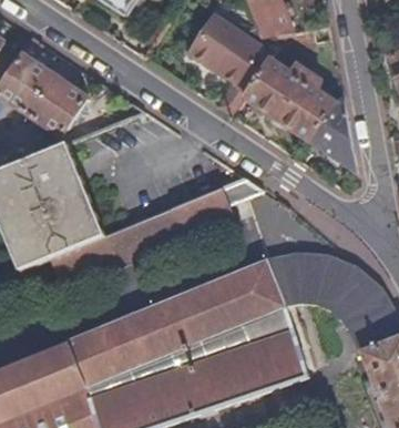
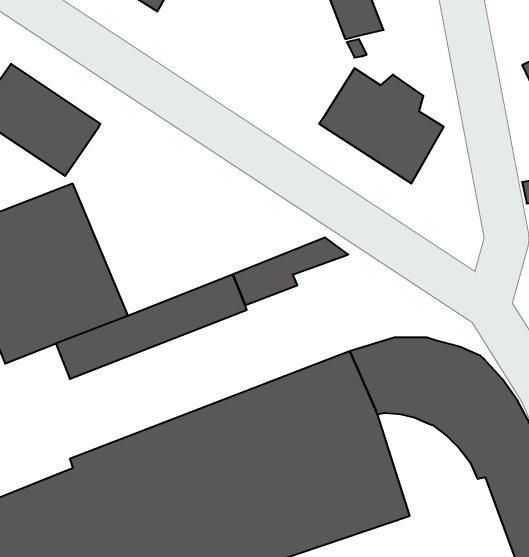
building: [188,13,269,92] -> none
building: [310,89,356,170] -> none

